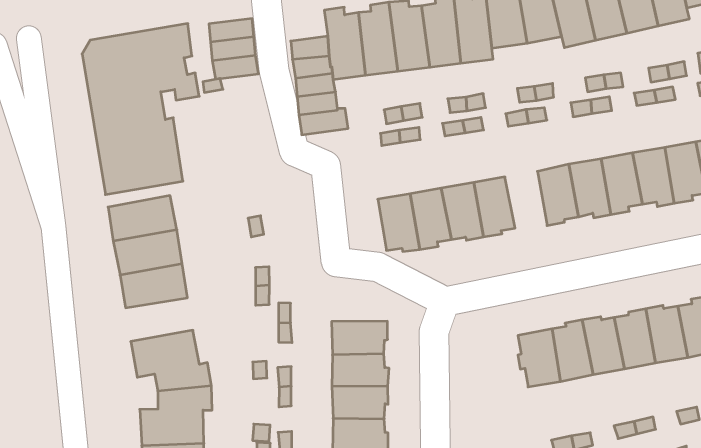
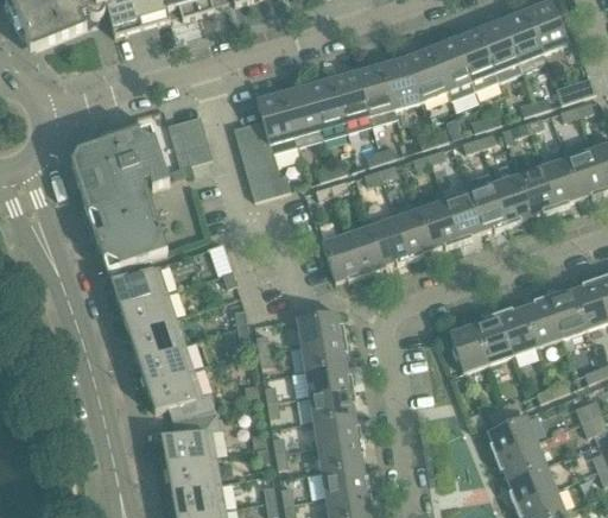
building: none -> [419,198,458,246]
building: none -> [297,309,344,342]
building: none -> [137,341,192,383]

